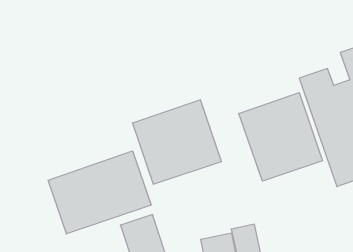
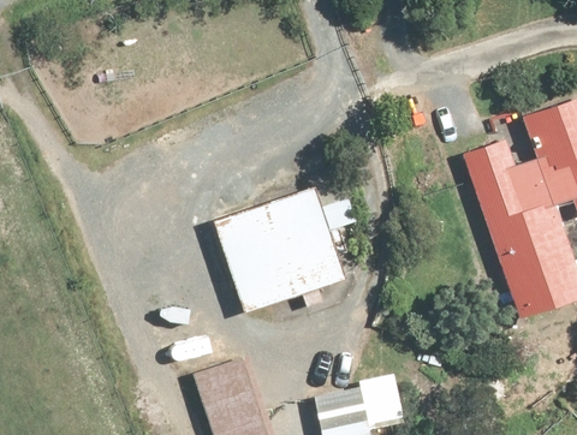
building: [239,93,323,181] -> none
building: [48,151,151,234] -> none

